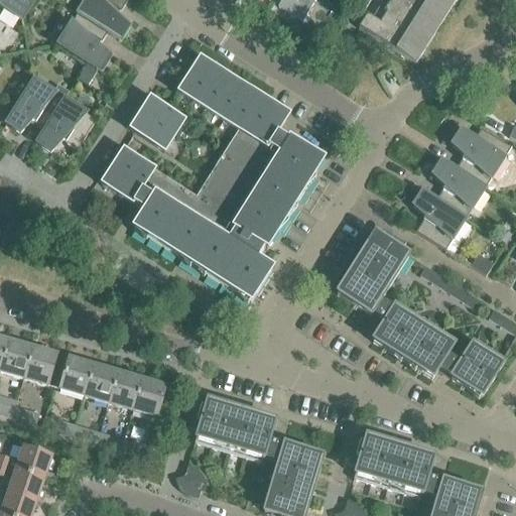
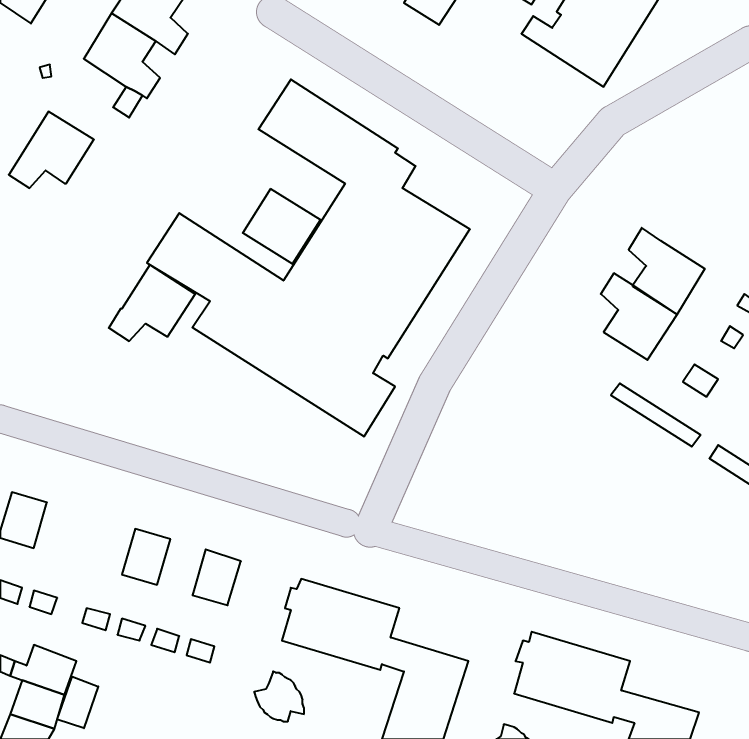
building: [131,95,184,146] -> [243,189,321,264]
building: [37,96,97,148] -> [109,265,195,341]
building: [452,124,511,184] -> none
building: [337,230,505,394] -> none
building: [24,345,57,383] -> none
building: [59,356,94,394] -> none
building: [109,370,142,408] -> none
building: none -> [57,676,98,728]

